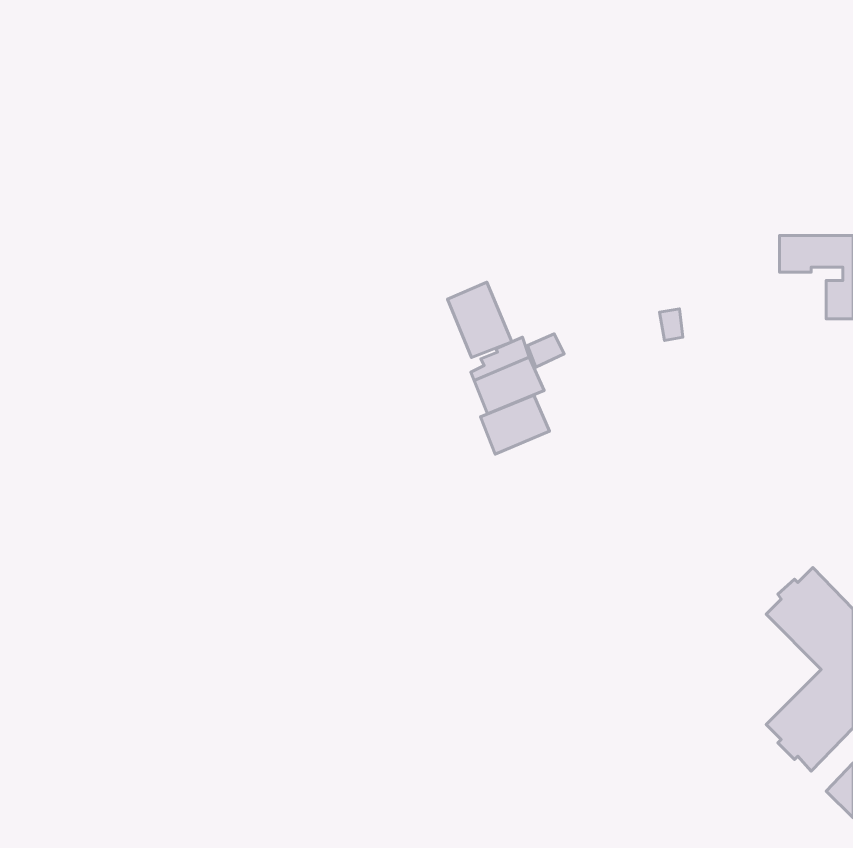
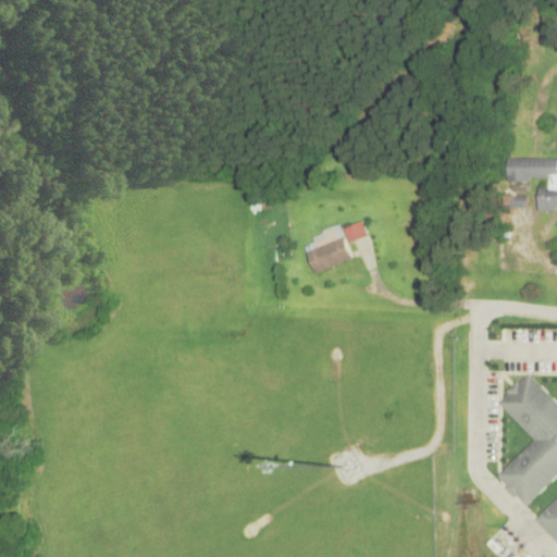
building: [448,282,512,358] -> none
building: [481,395,549,454] -> none

